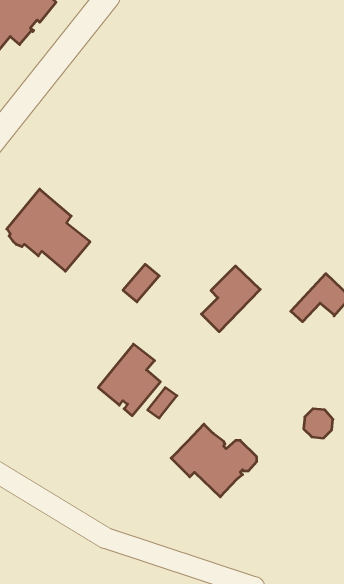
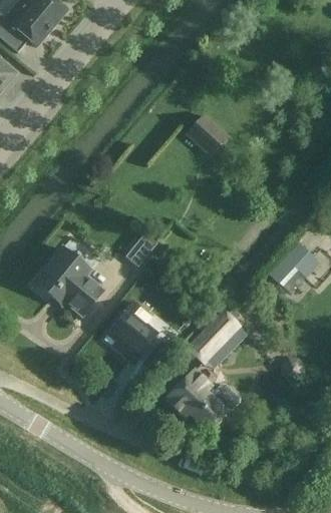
building: none -> [187,114,227,154]
building: [7,189,90,271] -> [34,246,105,317]
building: [201,266,260,332] -> [188,305,238,361]

